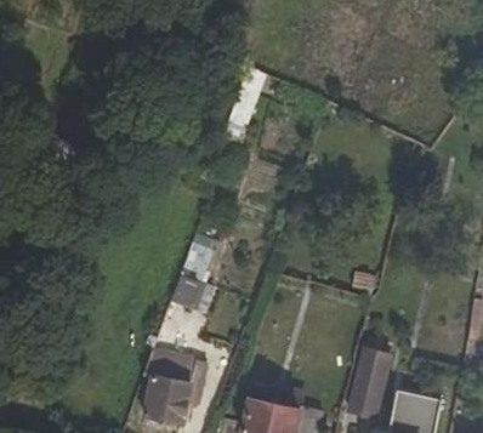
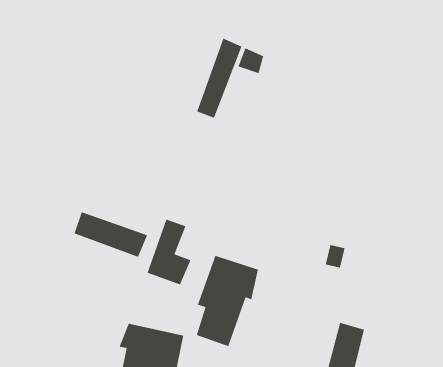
building: none -> [74,211,148,258]
building: none -> [196,255,259,347]

